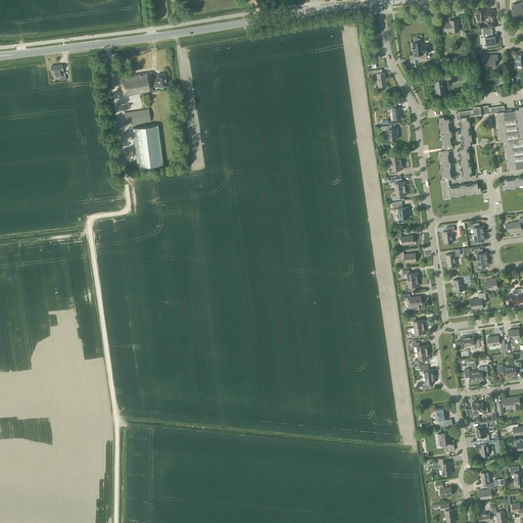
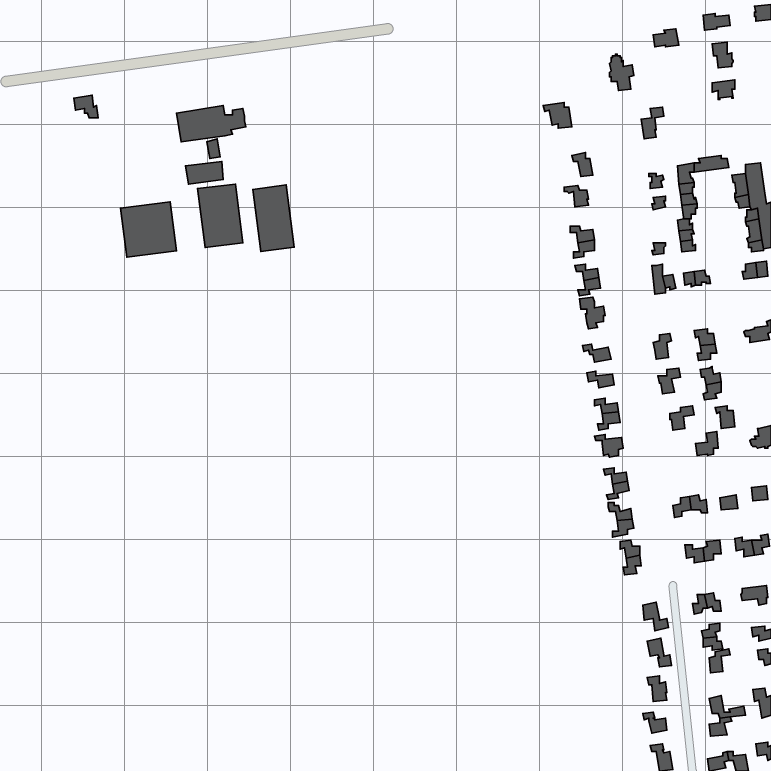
building: none -> [253,185,294,252]
building: none -> [120,202,177,257]

